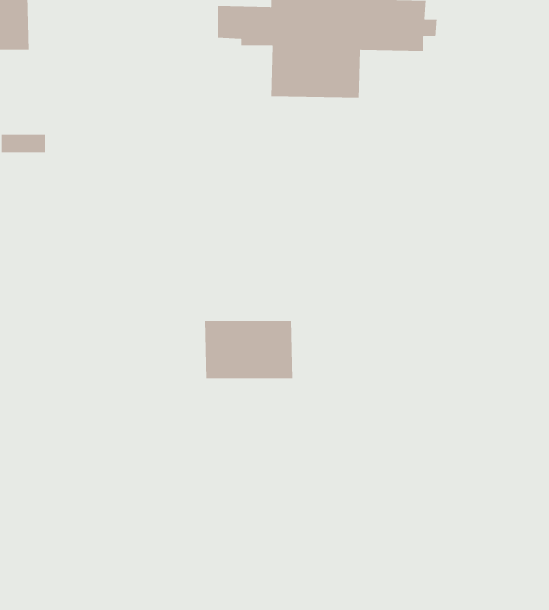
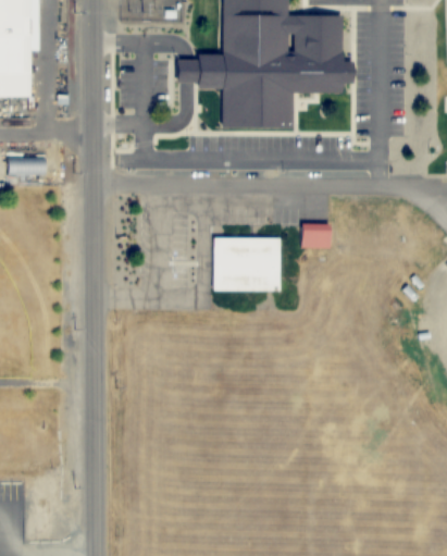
building: none -> [300,225,332,246]
building: [204,320,293,379] -> [211,237,282,284]

